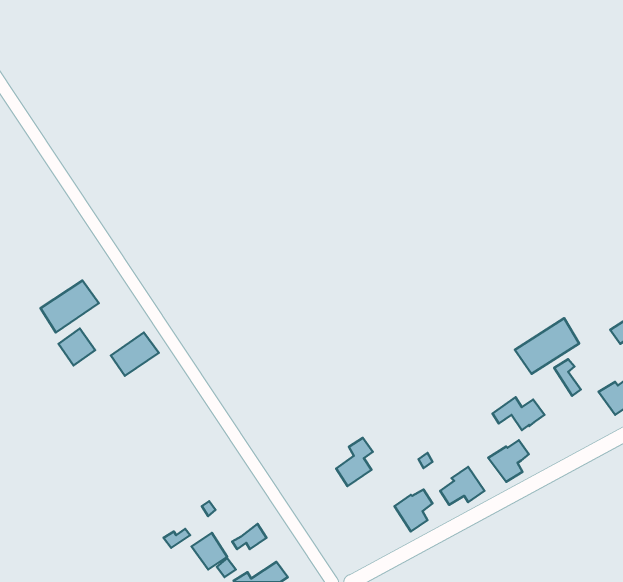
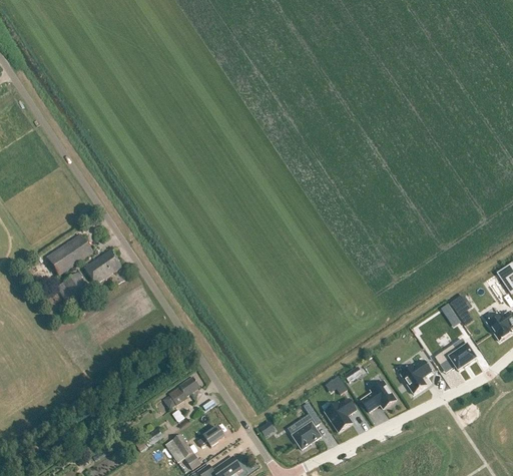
building: [515,318,579,374] -> none
building: [111,333,159,376] -> [83,250,121,284]
building: [493,397,545,430] -> [435,344,476,370]
building: [336,438,373,486] -> [293,411,322,449]
building: none -> [163,376,199,408]

